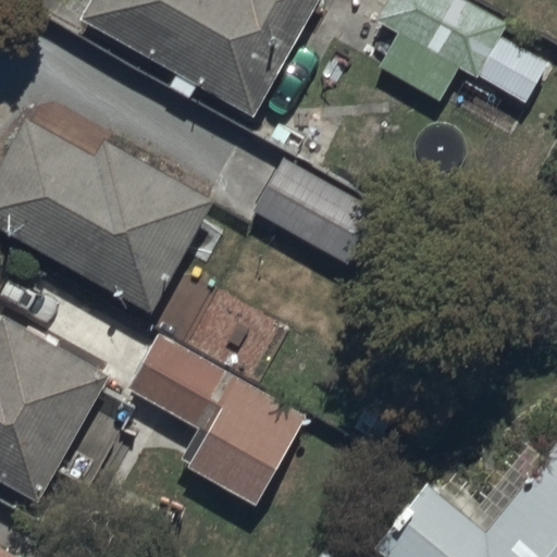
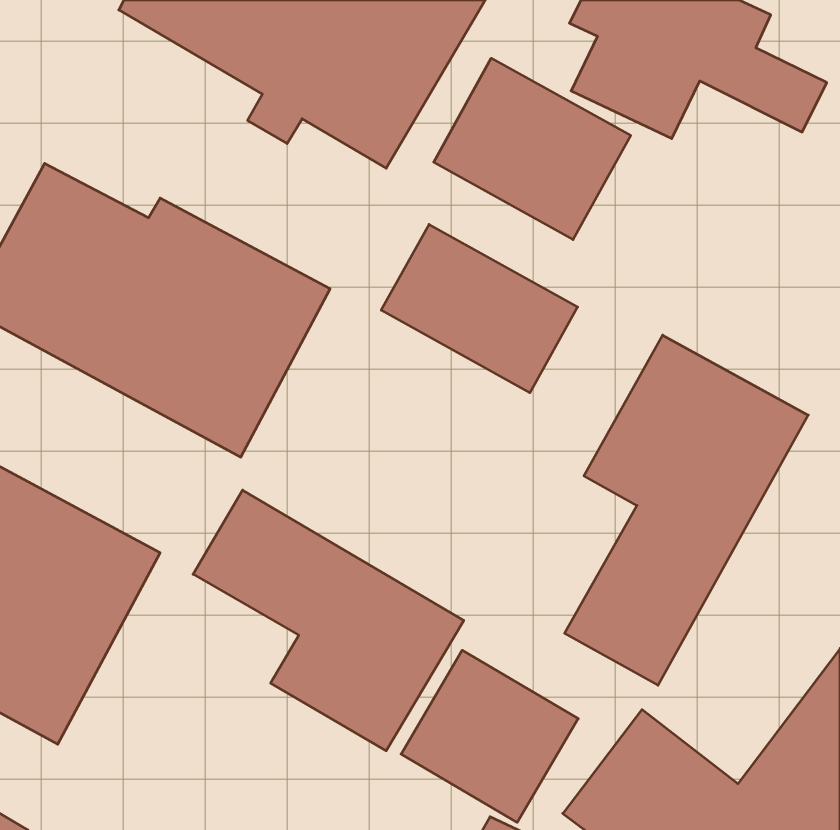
building: none -> [434,58,631,240]
building: none -> [565,335,808,685]
building: none -> [401,650,578,822]

